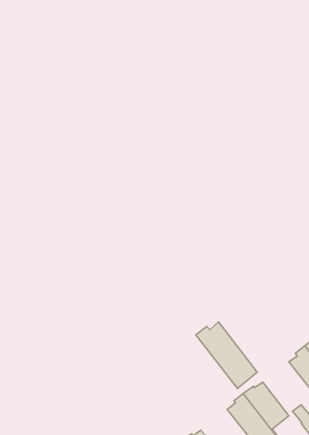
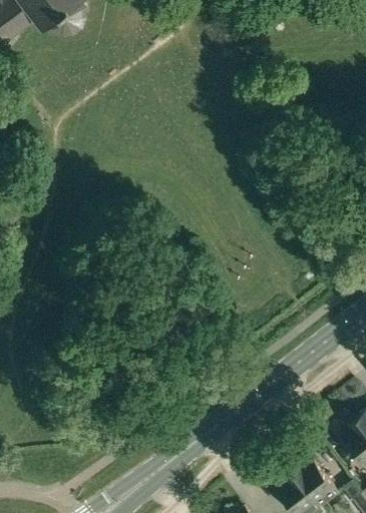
building: [196,322,257,388] -> none

